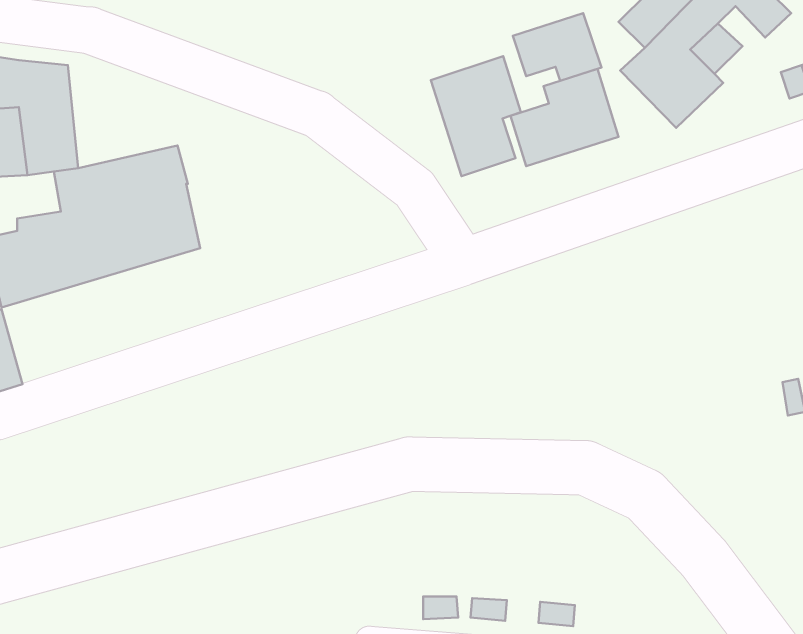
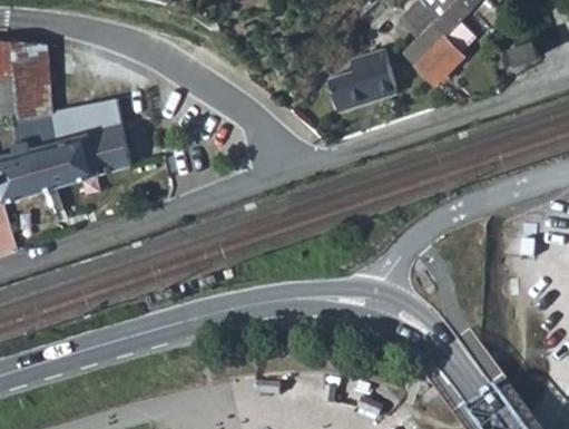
building: [513,13,601,81] -> none
building: [431,56,521,176] -> none

